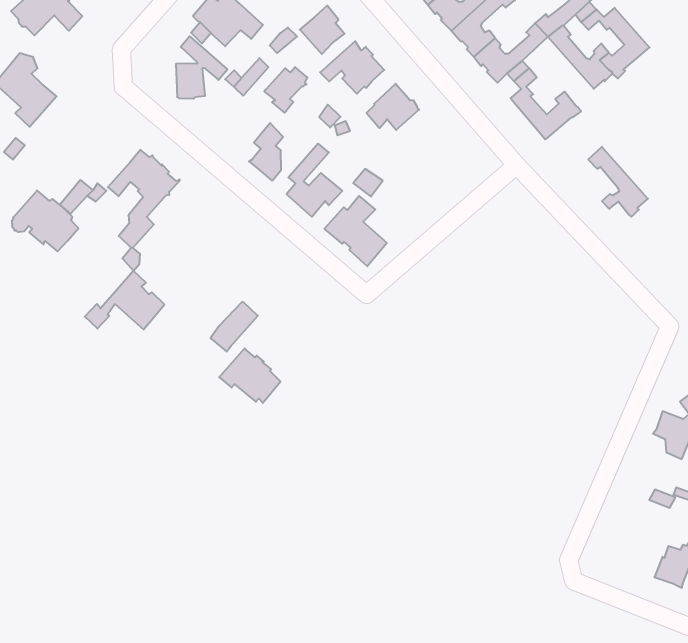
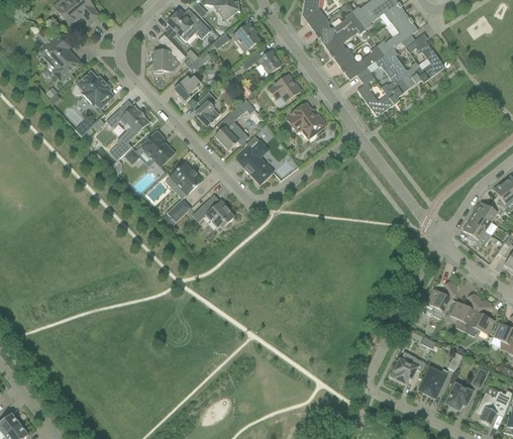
building: [264,67,308,113] -> [174,76,201,103]
building: none -> [288,102,325,137]
building: [588,147,648,217] -> [375,53,409,98]
building: [12,190,78,251] -> [74,70,114,108]
building: none -> [170,161,202,195]
building: [85,271,164,329] -> [125,130,175,167]
building: [219,348,281,403] -> [197,194,234,228]
building: none -> [391,355,425,382]

